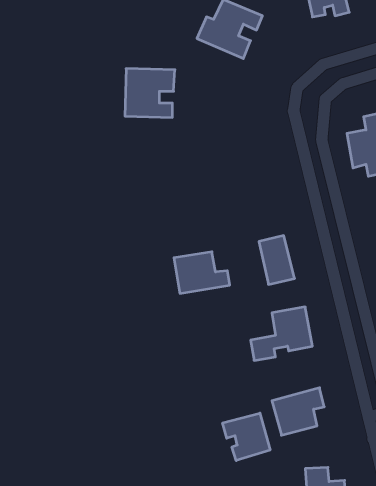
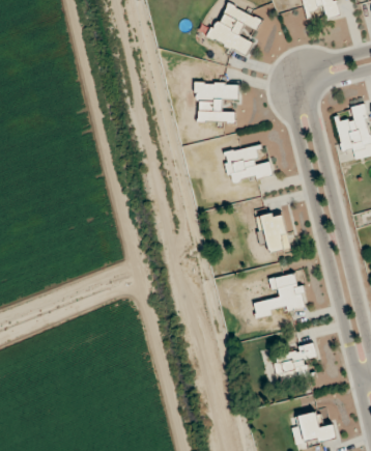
building: [125,69,175,117] -> [195,81,238,123]
building: [174,252,230,293] -> [224,146,273,182]
building: [223,413,270,461] -> none

